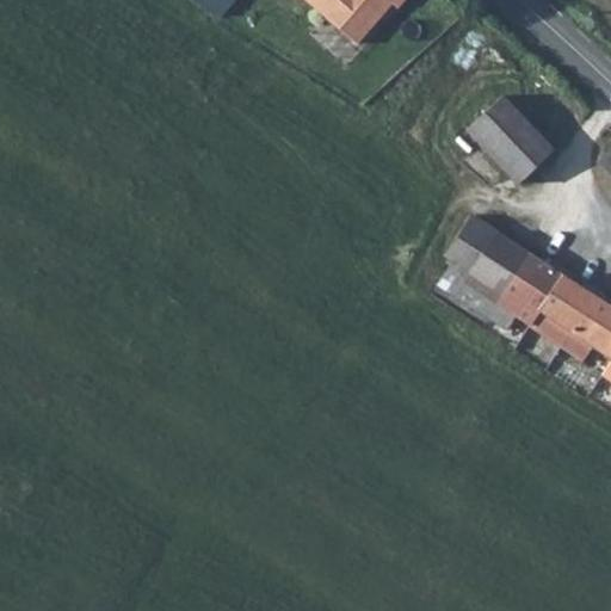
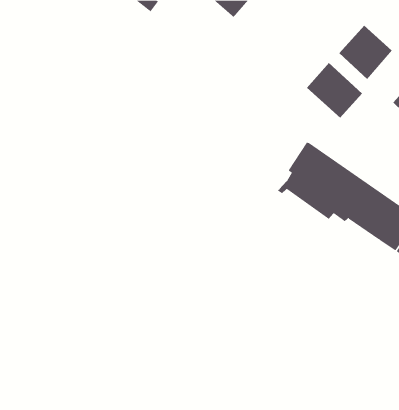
building: none -> [339,25,393,80]

